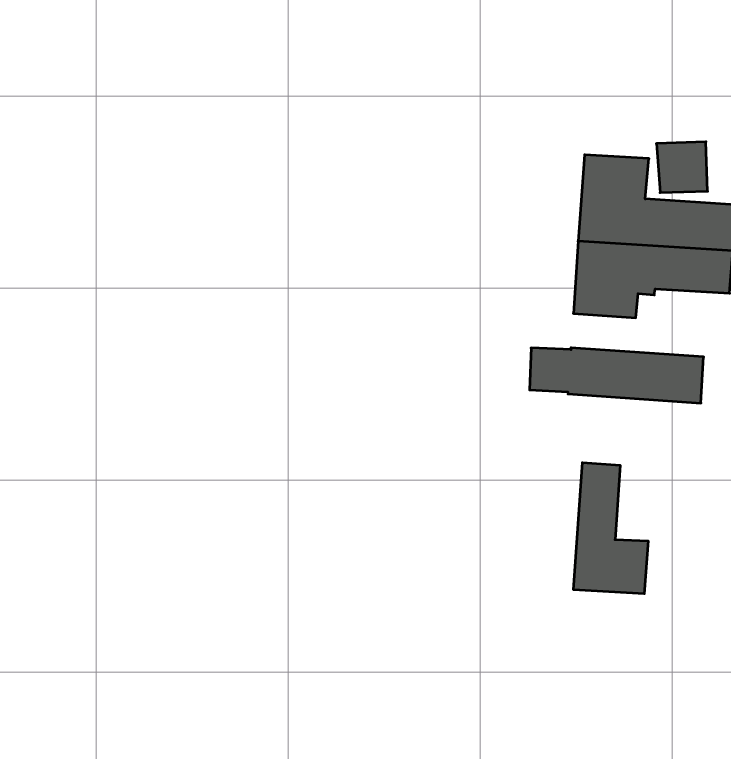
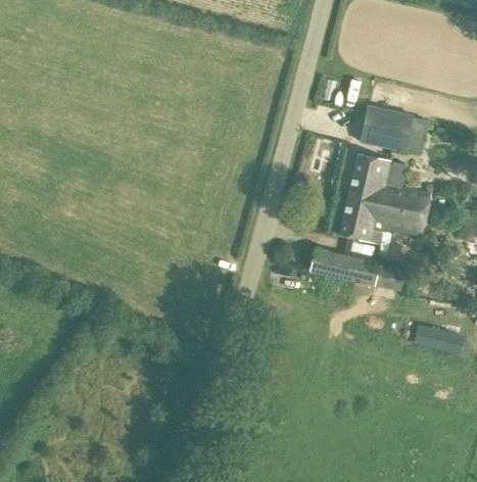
building: none -> [360,106,412,152]
building: [574,463,648,594] -> none

